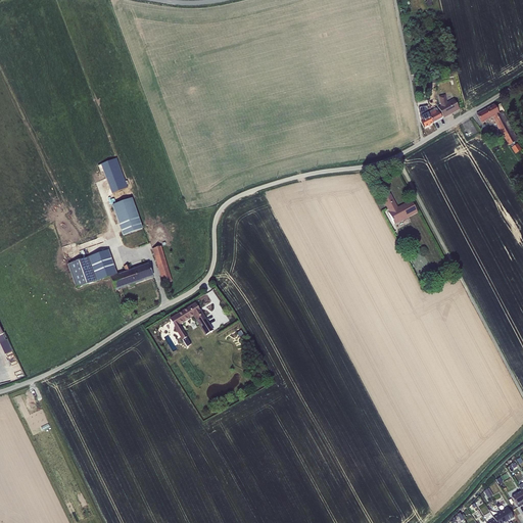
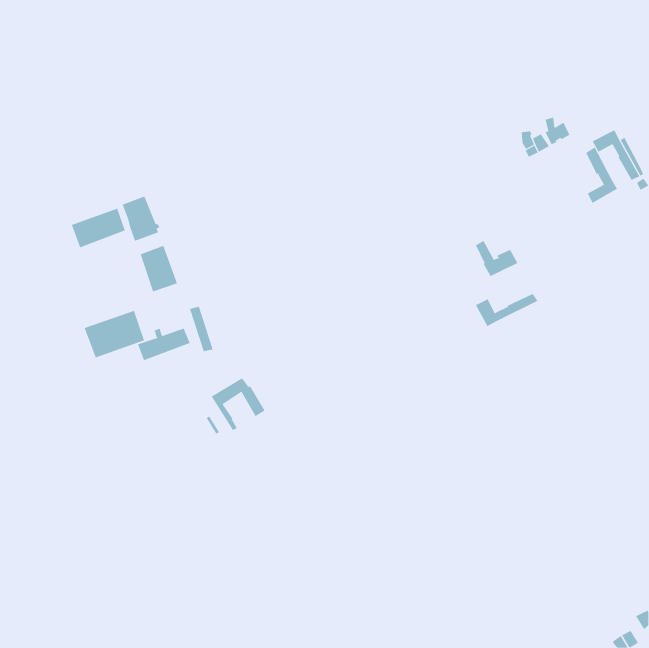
building: none -> [586,147,618,204]
building: none -> [71,208,125,248]
building: none -> [475,293,538,327]

